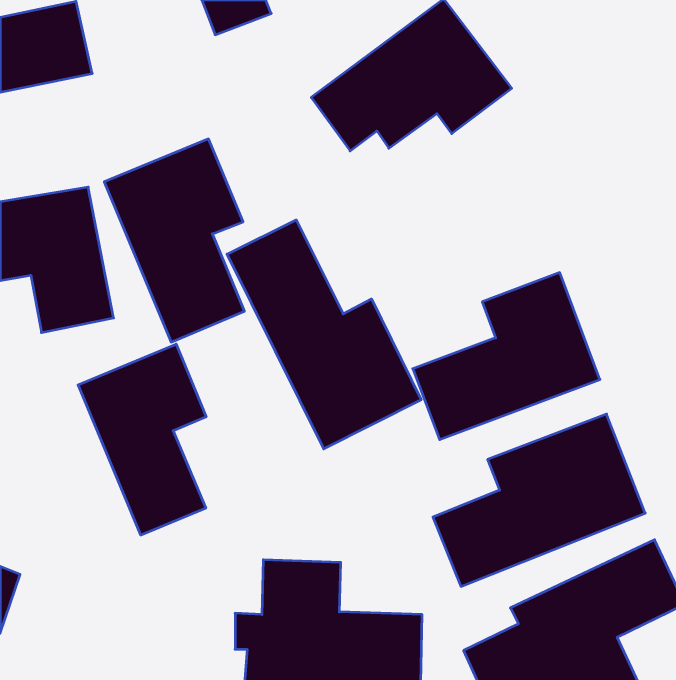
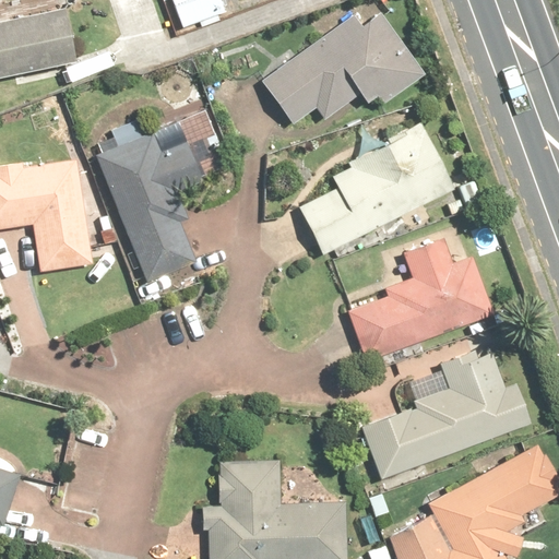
building: none -> [299,119,455,257]
building: [227,220,421,449] -> none
building: [78,344,206,535] -> none

